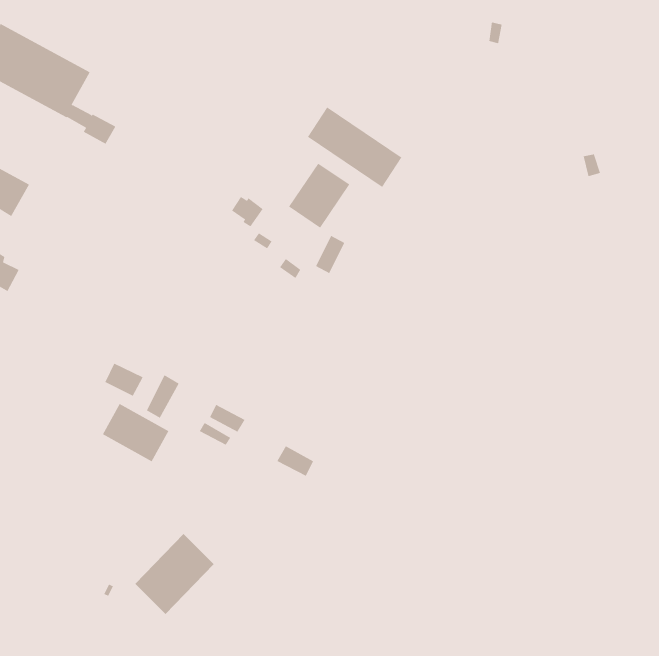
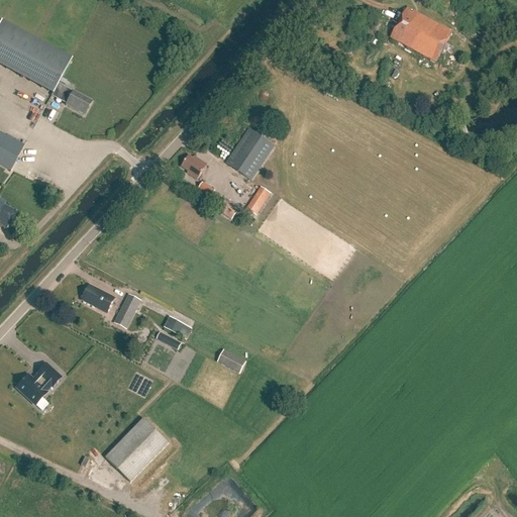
building: none -> [391,6,451,61]
building: [307,106,402,188] -> none
building: [102,403,169,462] -> none
building: none -> [15,363,60,403]

